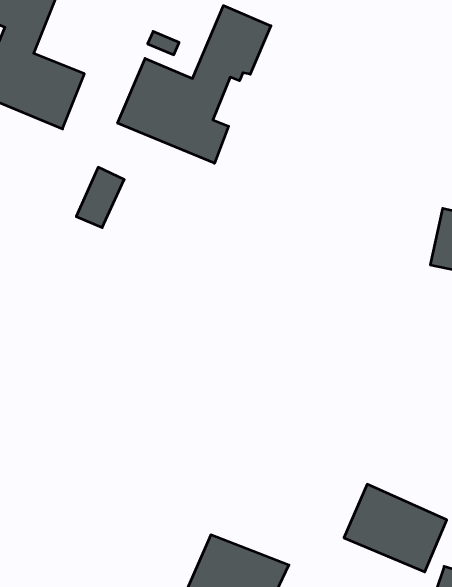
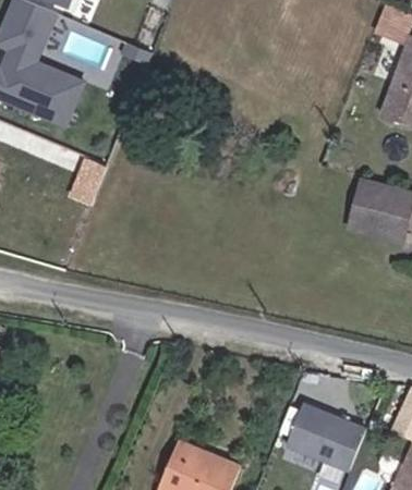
building: [118,6,271,163] -> none

